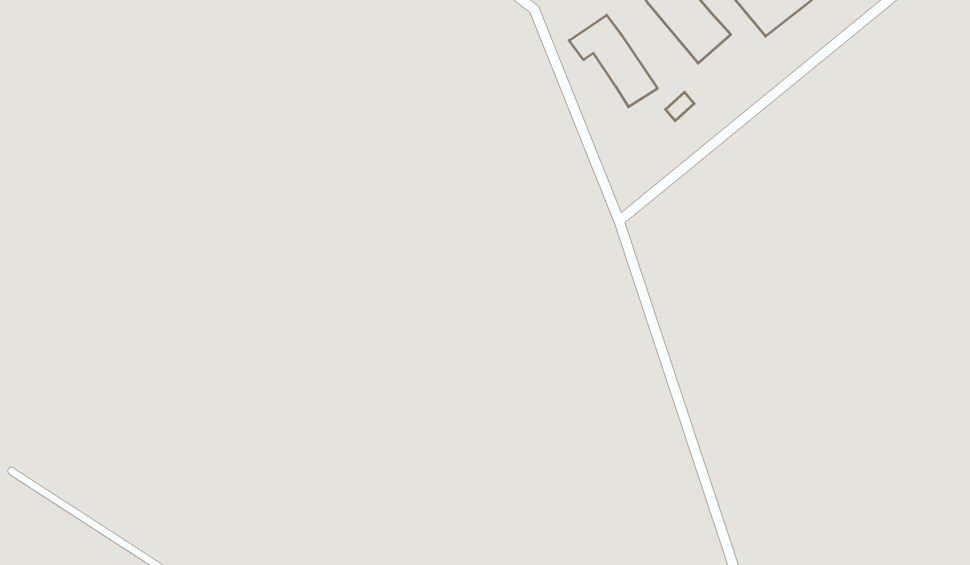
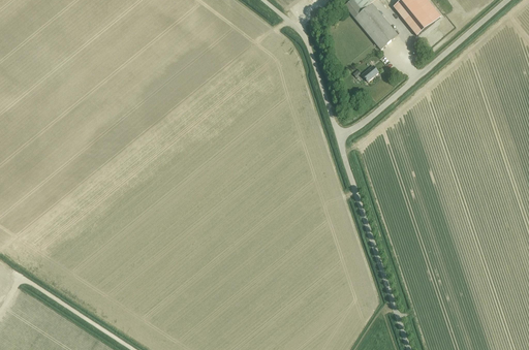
building: [569,15,657,107] -> none

